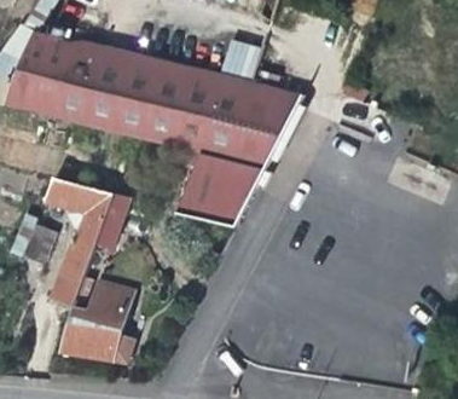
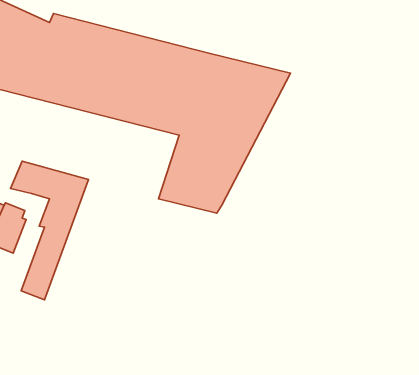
building: [57,279,133,364] -> none

